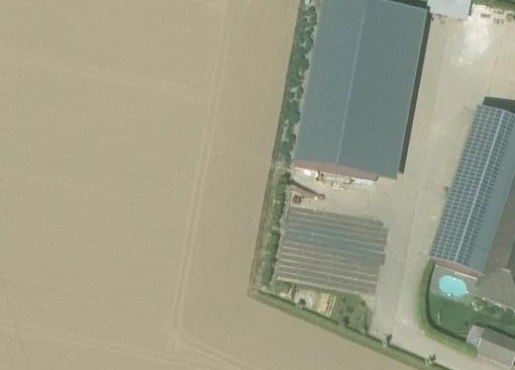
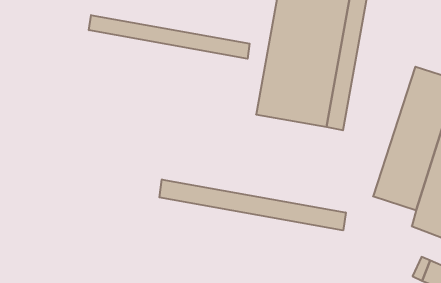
building: none -> [89,15,250,59]
building: none -> [159,179,346,230]

